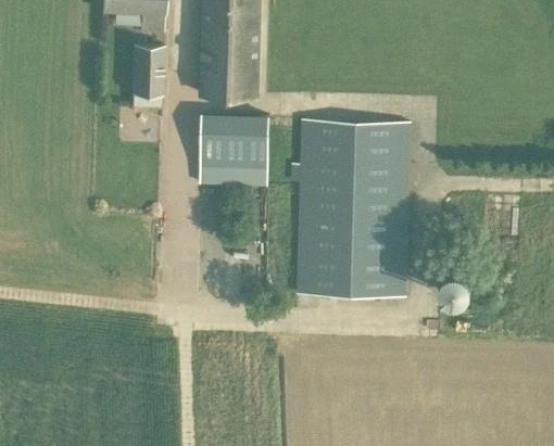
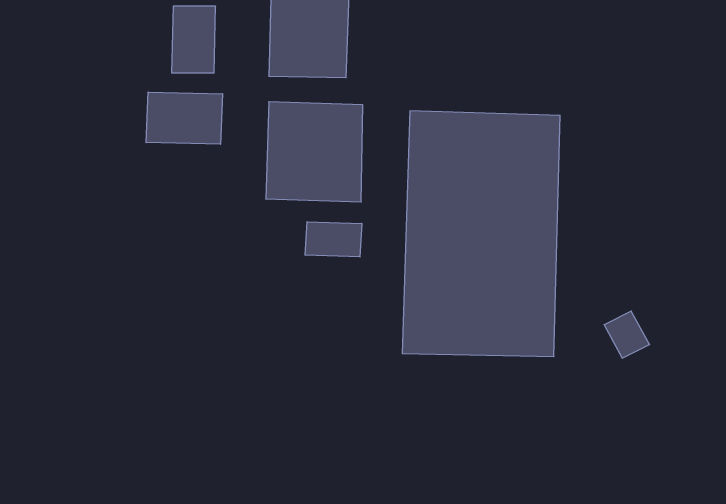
building: none -> [146,92,223,144]
building: none -> [305,222,362,257]

